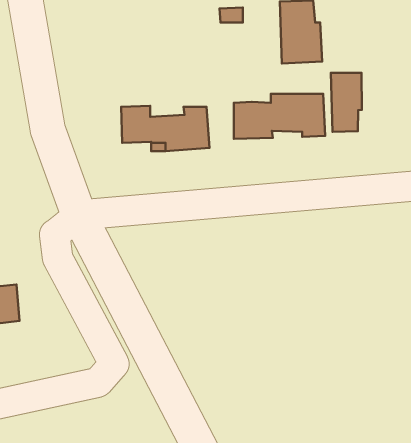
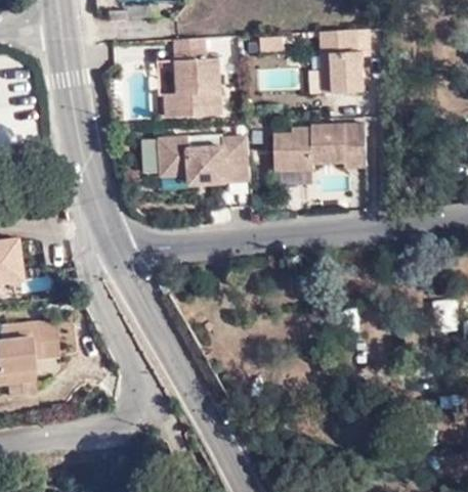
building: none -> [164,37,220,118]
building: [331,73,362,132] -> none

